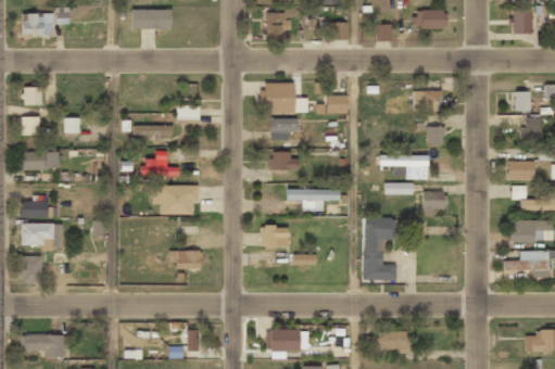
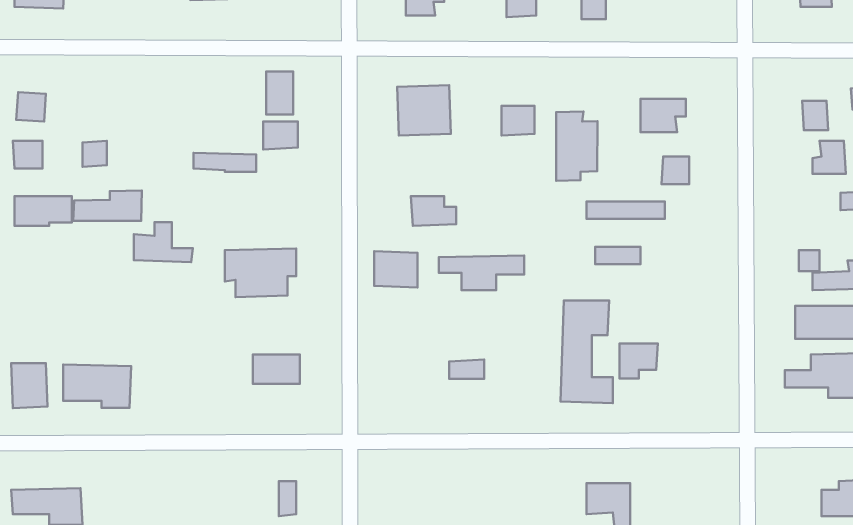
building: none -> [266,71,293,115]
building: none -> [556,111,598,181]
building: [270,118,298,140] -> none
building: none -> [73,190,142,221]
building: [143,151,180,176] -> [134,222,193,262]
building: [508,161,535,180] -> none
building: [424,192,447,214] -> [620,344,658,378]
building: [22,201,49,217] -> none
building: [22,222,64,250] -> [63,364,131,408]
building: [262,226,289,249] -> [374,251,418,288]
building: [266,330,308,351] -> none

